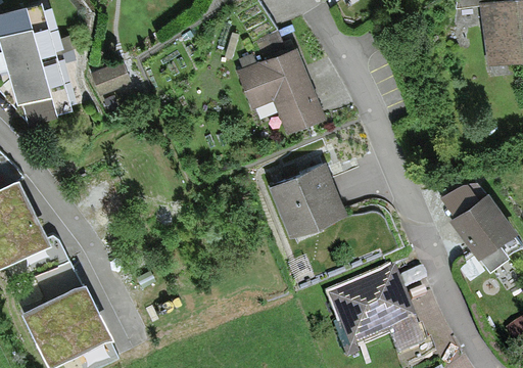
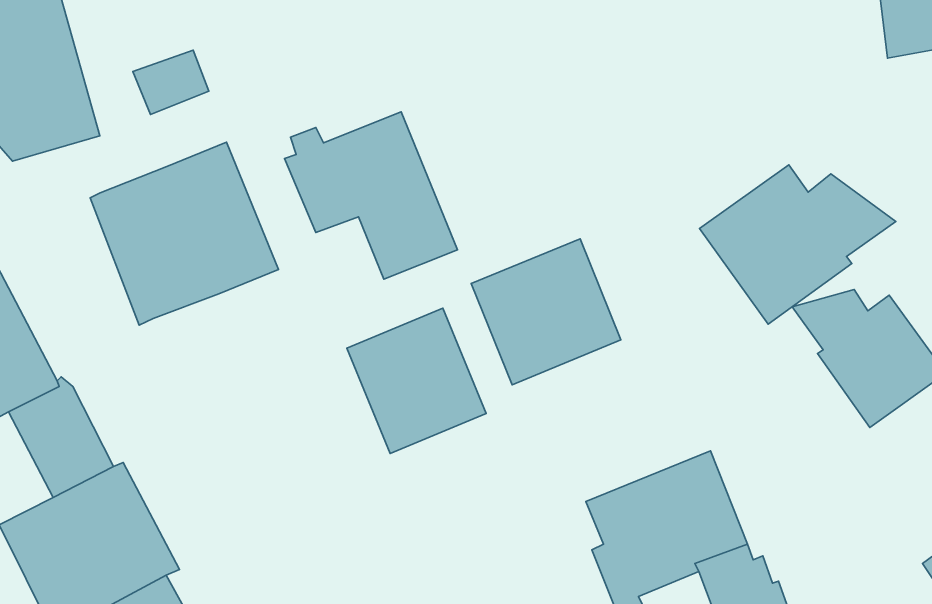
building: [235,46,326,134] -> [285,112,458,279]
building: none -> [90,142,278,325]
building: none -> [700,165,896,324]
building: none -> [347,308,486,454]

